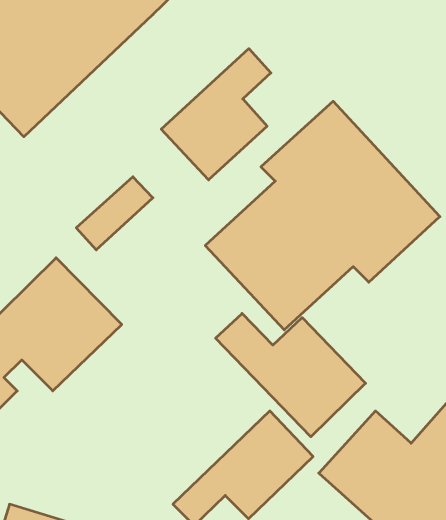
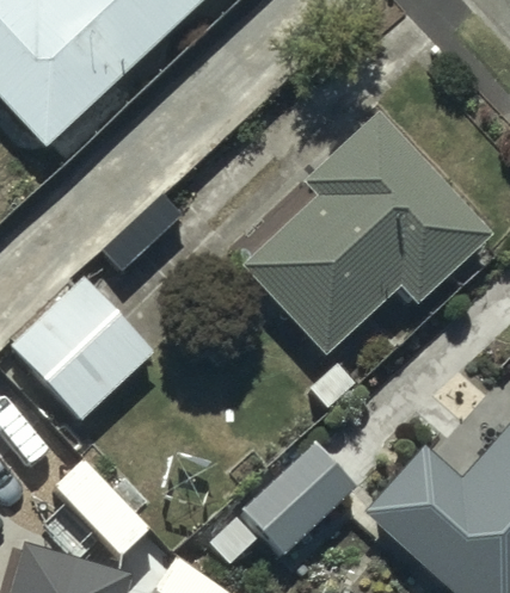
building: [161,49,271,180] -> none
building: [216,313,366,437] -> none

